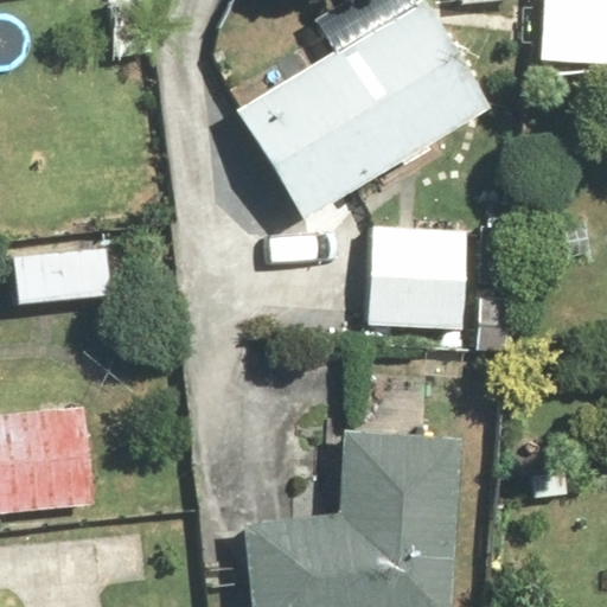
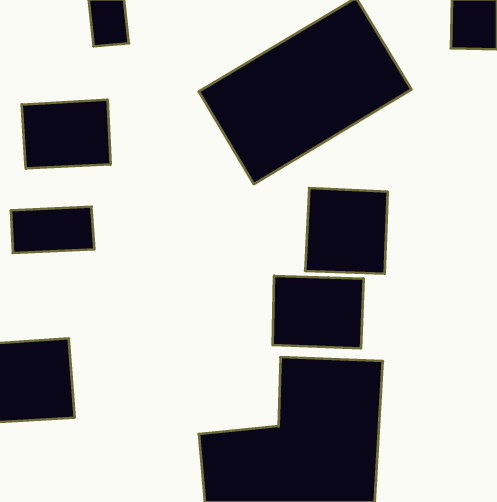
building: none -> [22,100,110,169]
building: none -> [273,276,363,348]

